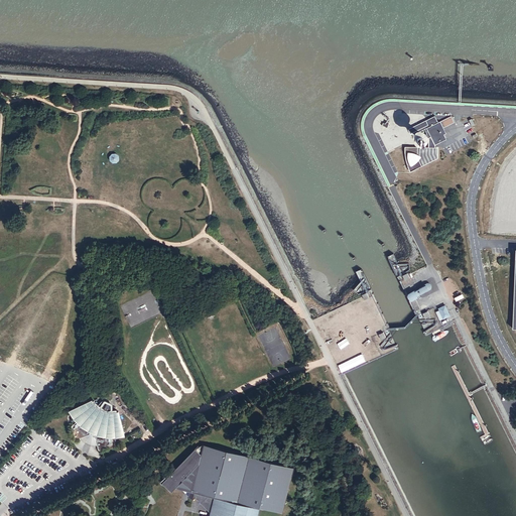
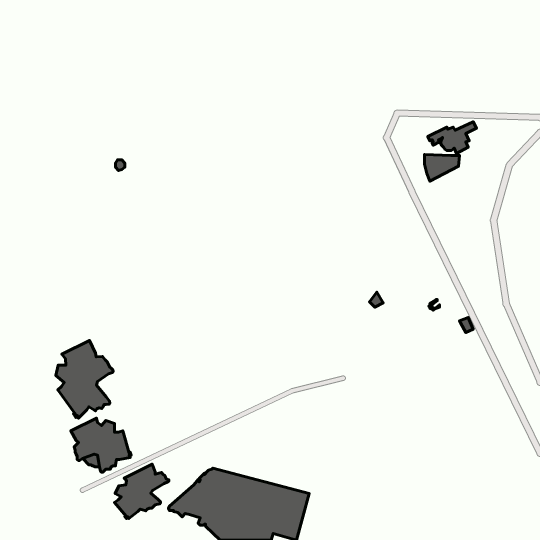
building: none -> [56,341,113,418]
building: none -> [114,464,169,518]

